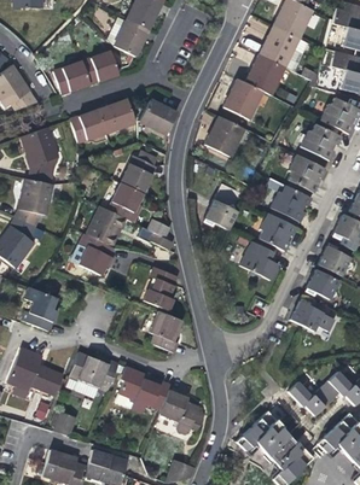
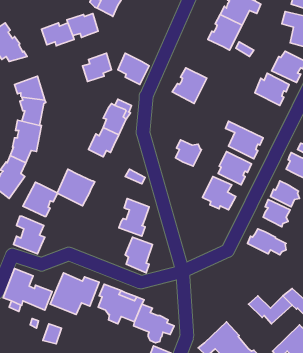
building: [223,80,263,119] -> none
building: [71,109,105,141] -> none
building: [286,153,324,192] -> none
building: [86,206,126,246] -> [23,182,57,217]

